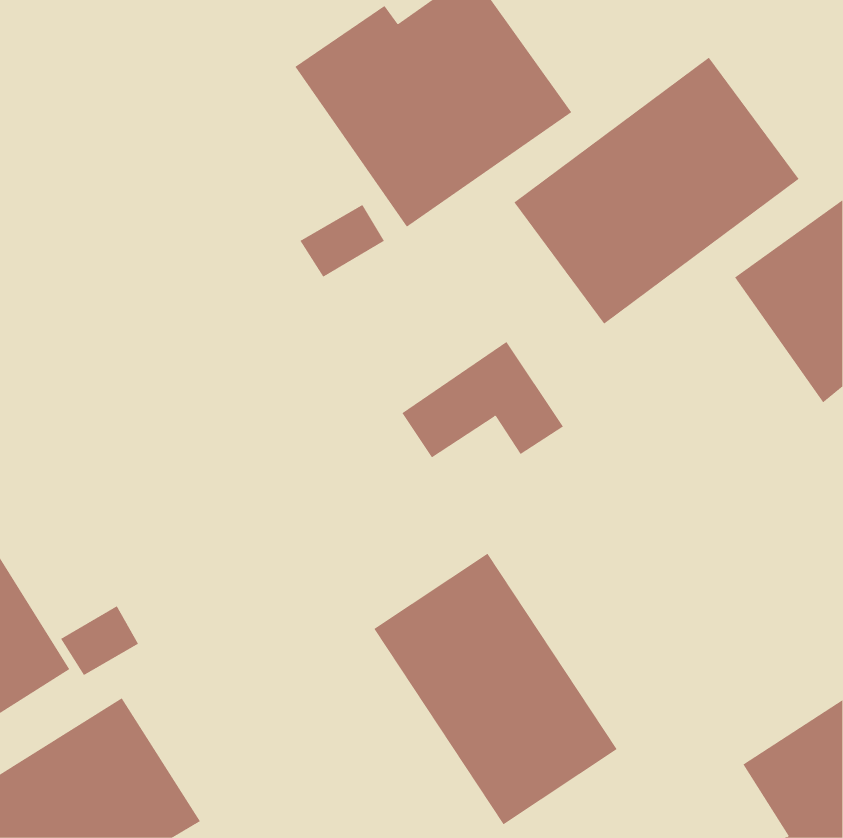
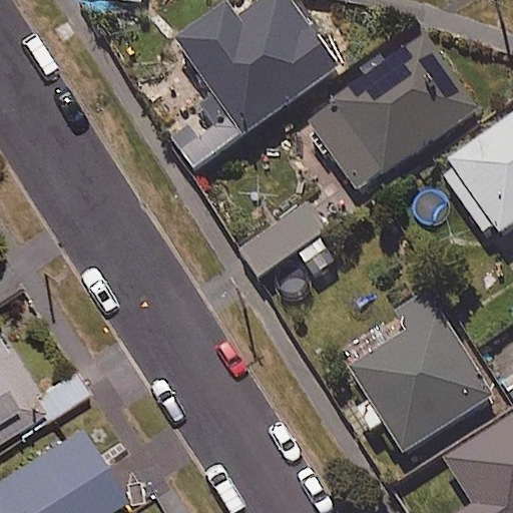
building: none -> [352,290,495,454]
building: [374,553,618,825] -> none

